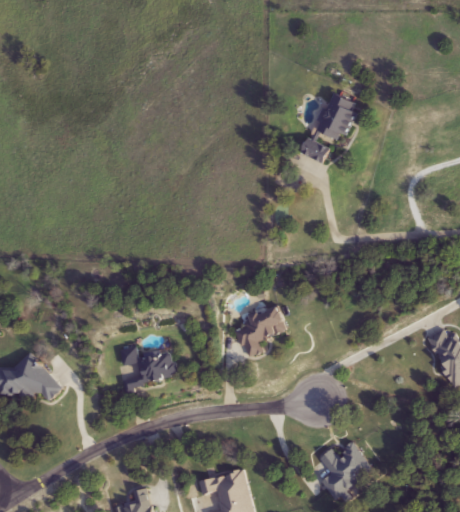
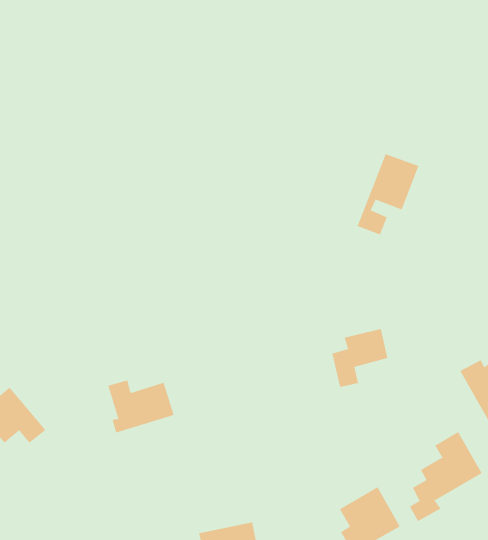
building: [302,91,357,163] -> [357,154,419,235]
building: [234,305,284,357] -> [331,329,388,388]
building: none -> [409,431,482,522]

